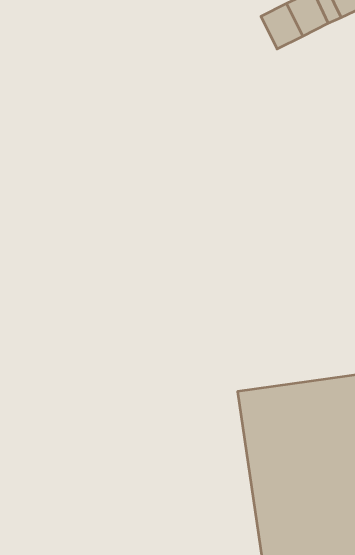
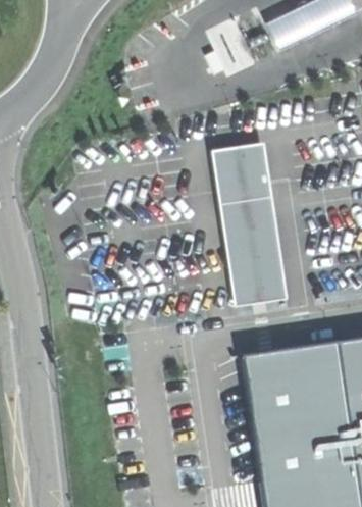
building: none -> [211,141,288,306]

